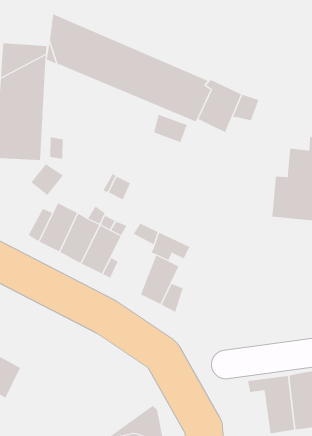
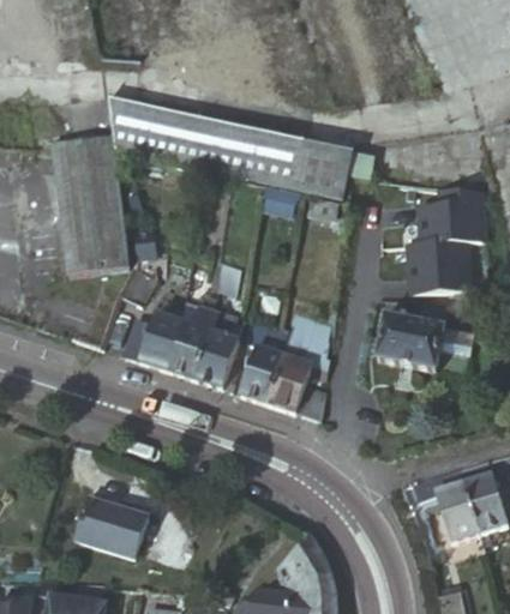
building: none -> [376,301,452,377]
building: none -> [239,349,282,408]

